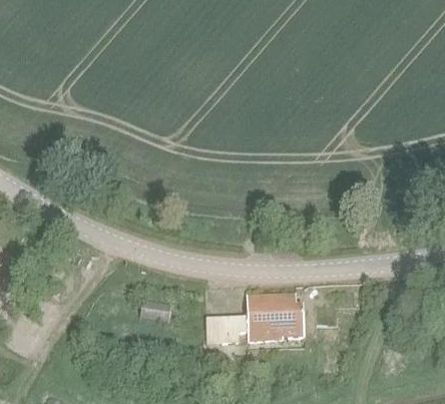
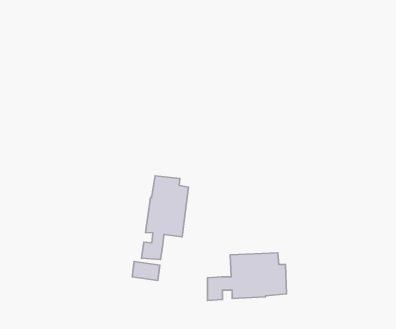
building: none -> [142,176,189,259]

